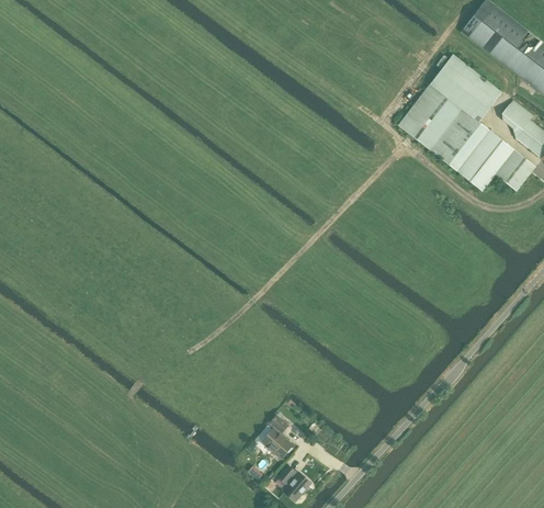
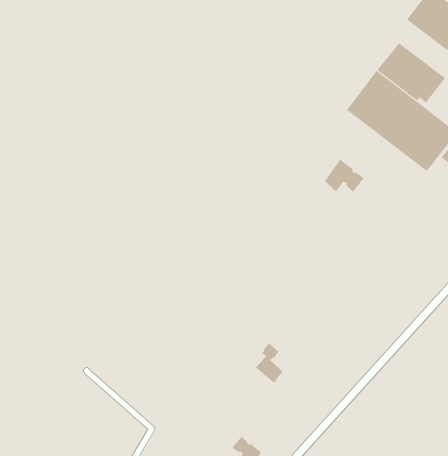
building: none -> [324,159,364,192]
building: [262,415,292,458] -> [255,342,284,383]

